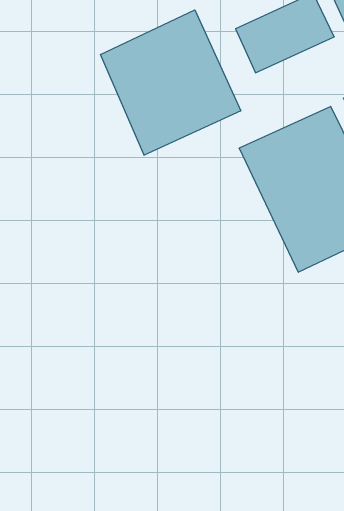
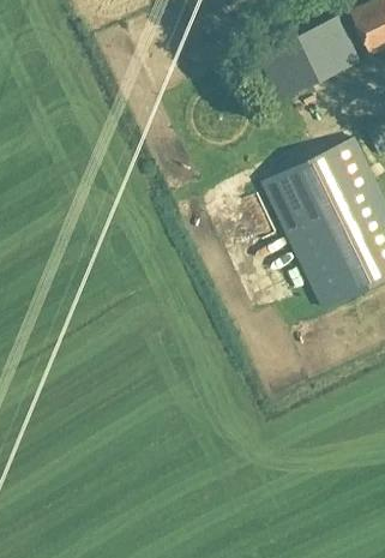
building: [101,10,241,155] -> none

